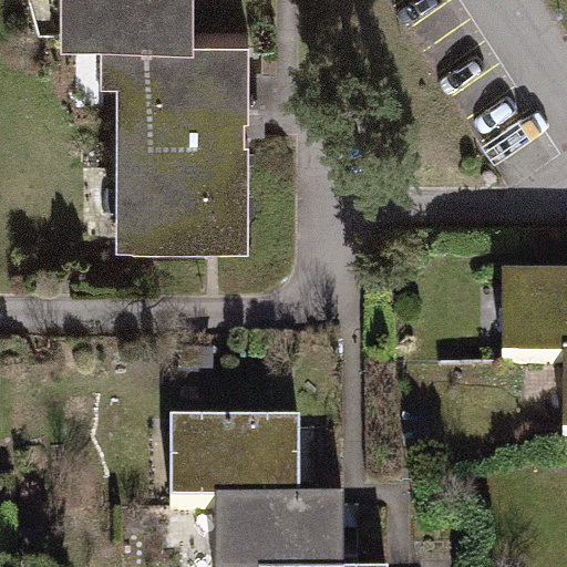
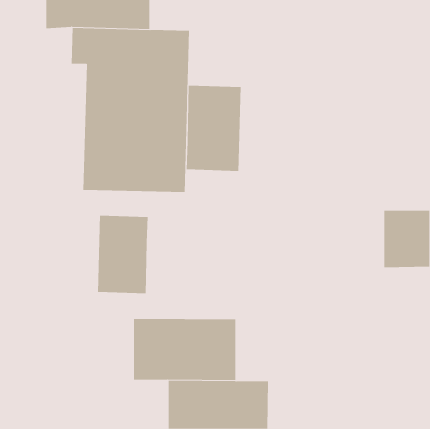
building: none -> [186,85,241,172]
building: none -> [98,215,148,294]

